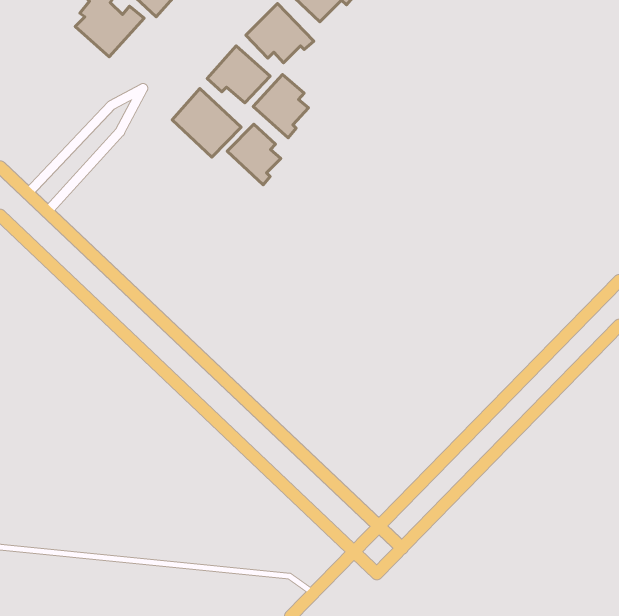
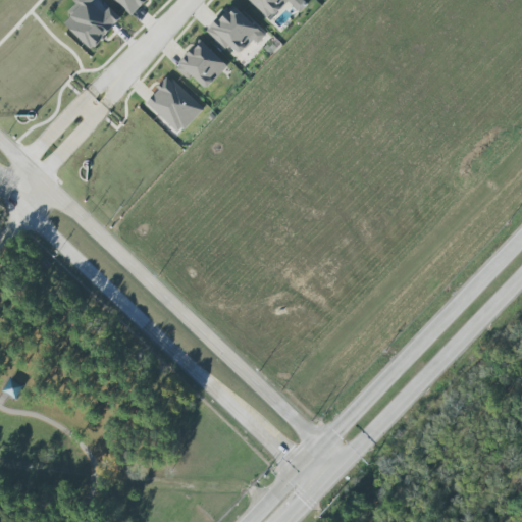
building: [253,74,309,138] -> none
building: [227,124,281,185] -> none

